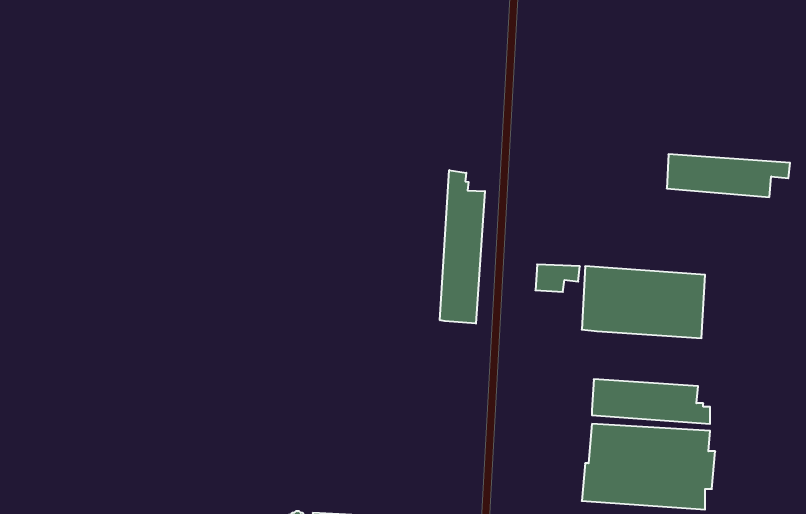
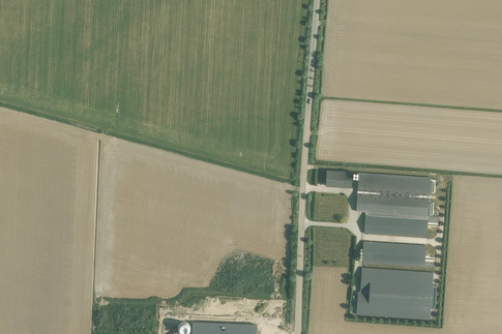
building: [667,154,790,197] -> [363,212,438,238]
building: [440,170,485,324] -> none

